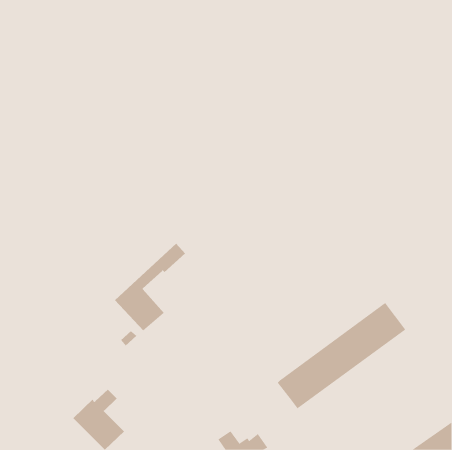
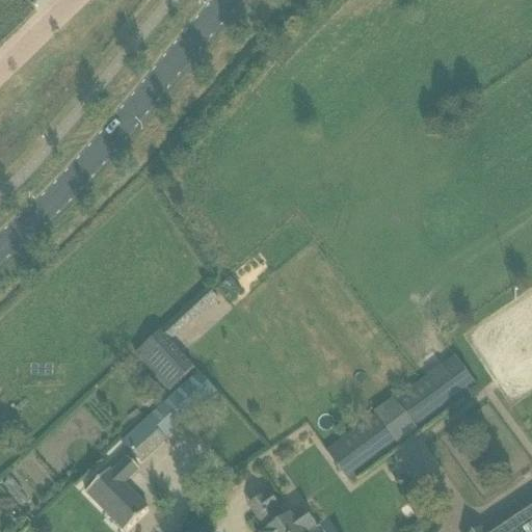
building: none -> [122,370,216,459]

